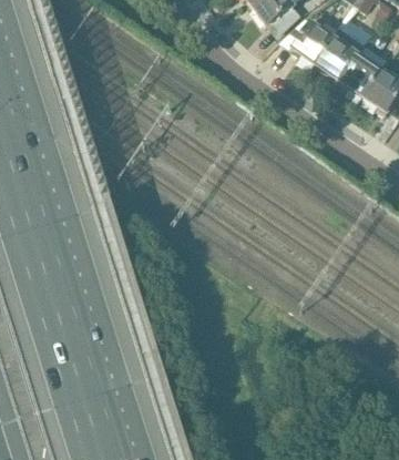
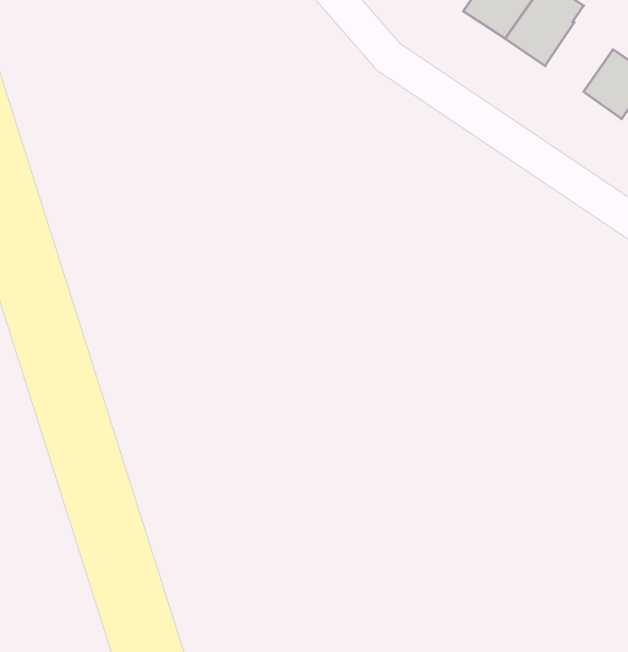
building: [340,55,381,98] -> none

